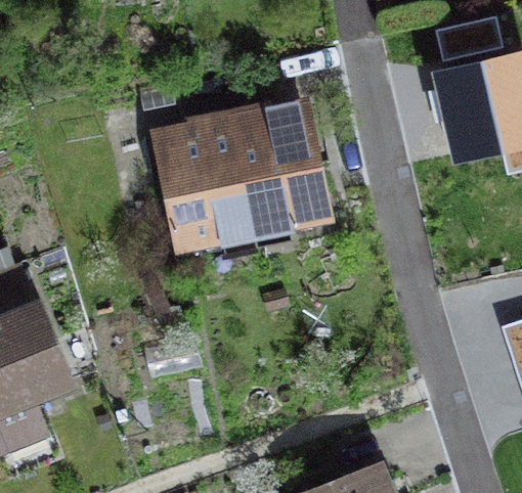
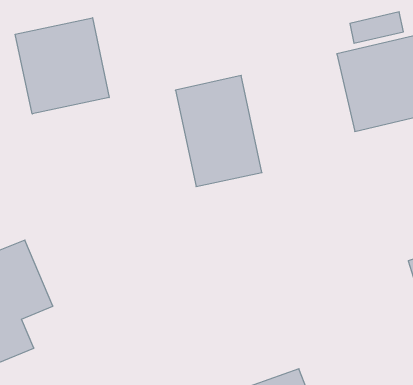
building: none -> [15,18,109,114]
building: [147,117,251,253] -> none

